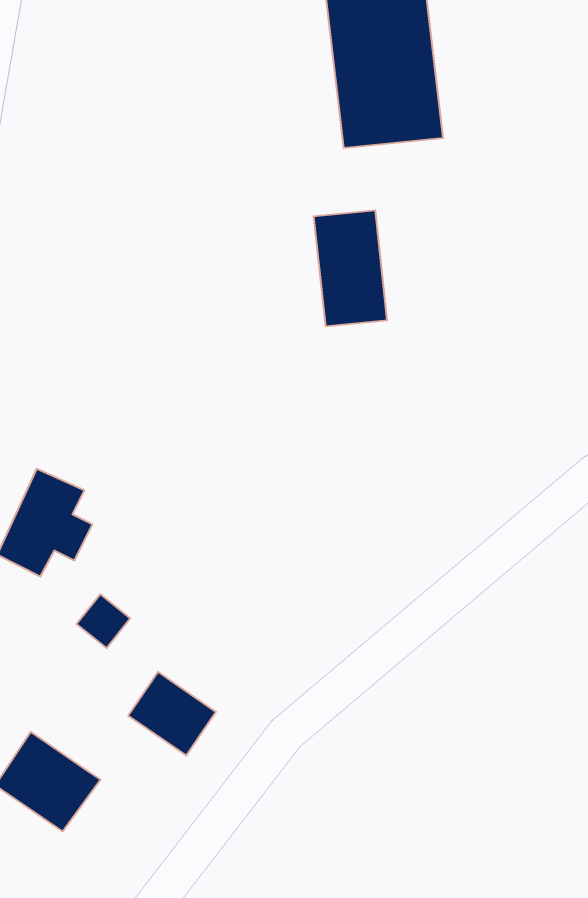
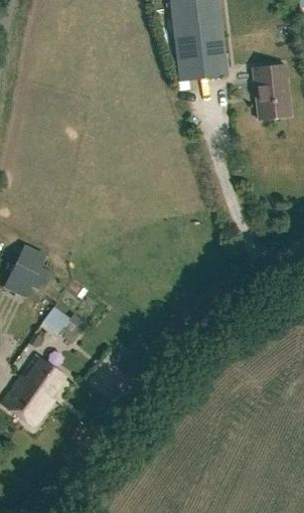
building: [314,210,387,326] -> [254,62,291,121]
building: [128,672,216,756] -> [20,353,64,395]

